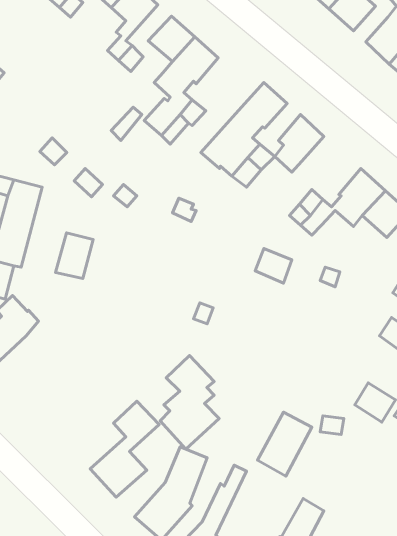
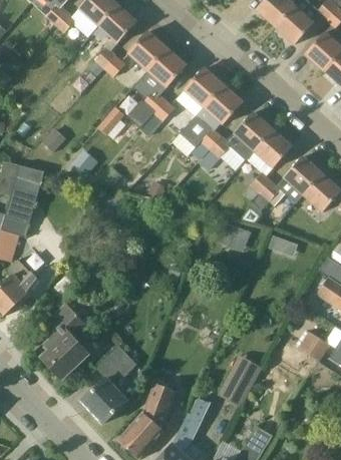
building: none -> [185,67,223,105]
building: none -> [254,129,292,166]
building: [55,233,93,278] -> none
building: [160,356,219,449] -> [41,303,89,379]

